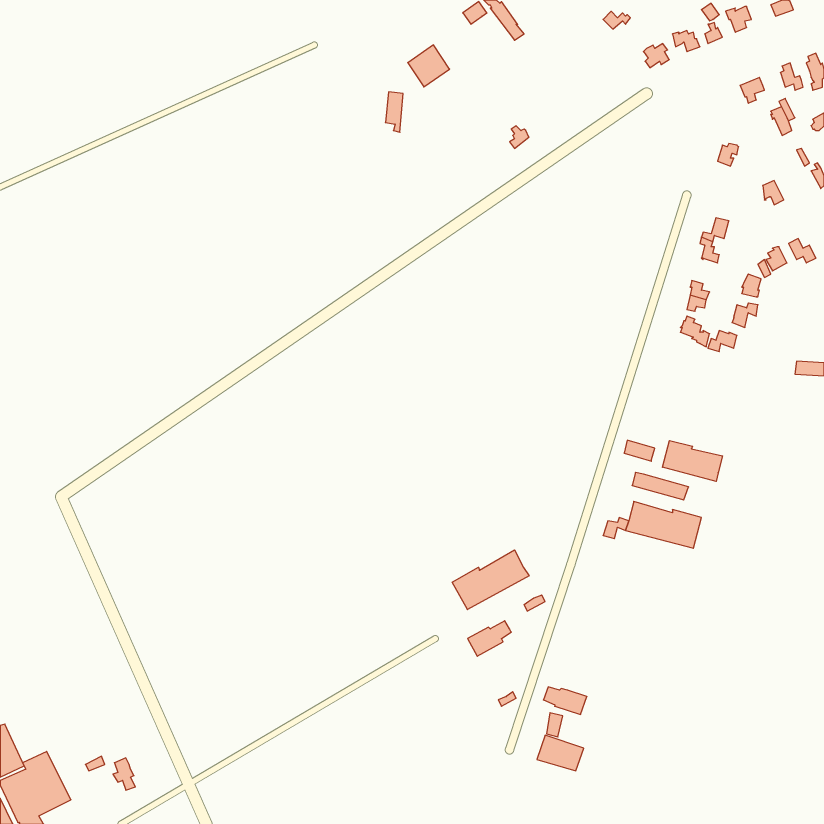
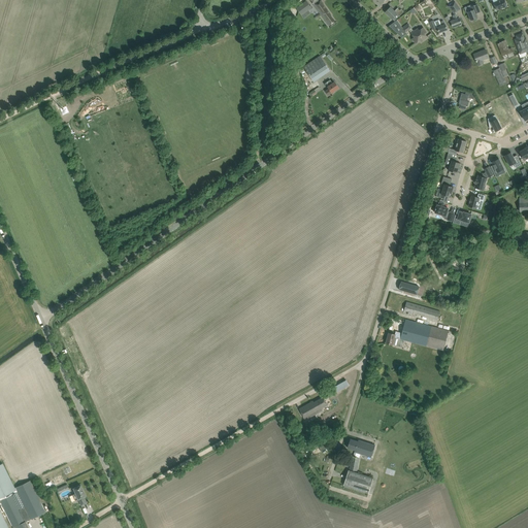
building: [408,45,450,87] -> [303,56,330,82]
building: [662,441,723,481] -> none
building: [452,550,529,610] -> none

